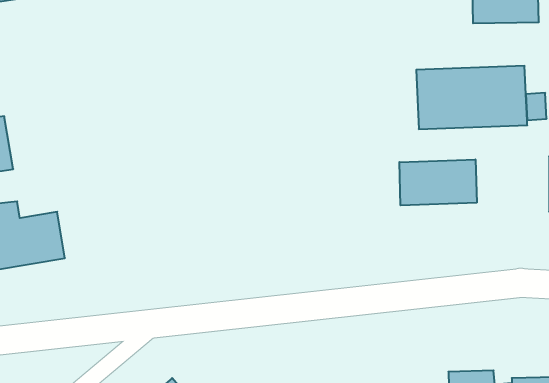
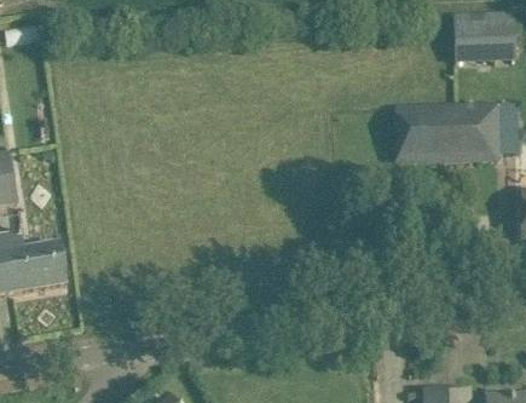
building: [399,159,477,205] -> none

